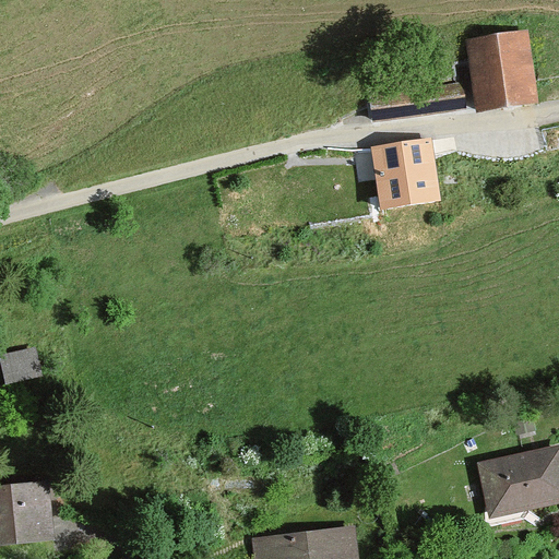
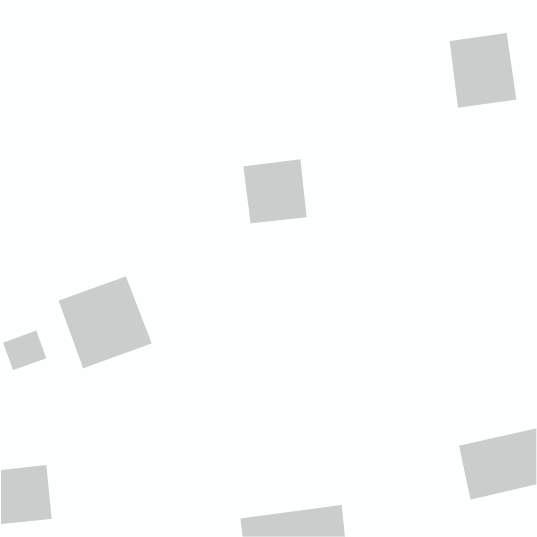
building: [369,142,437,210] -> [242,159,308,224]
building: none -> [58,276,152,369]

